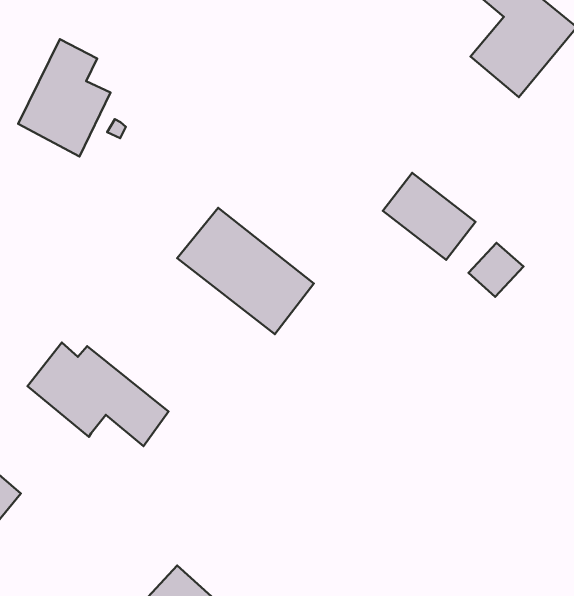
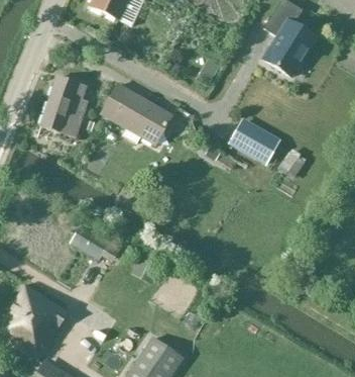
building: [177,208,314,334] -> [102,84,172,144]

